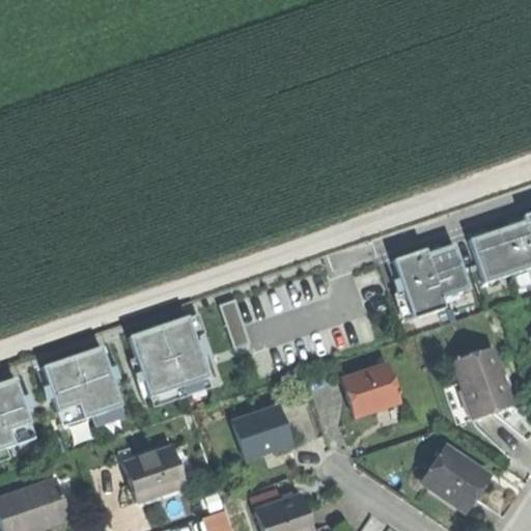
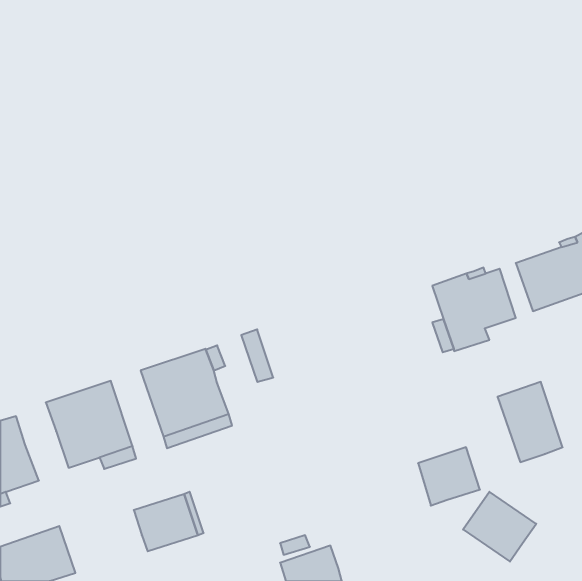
building: [343,363,399,416] -> [418,447,480,506]
building: [234,406,291,457] -> none

